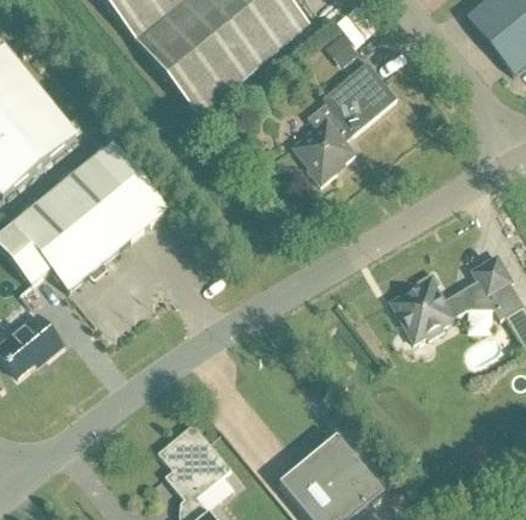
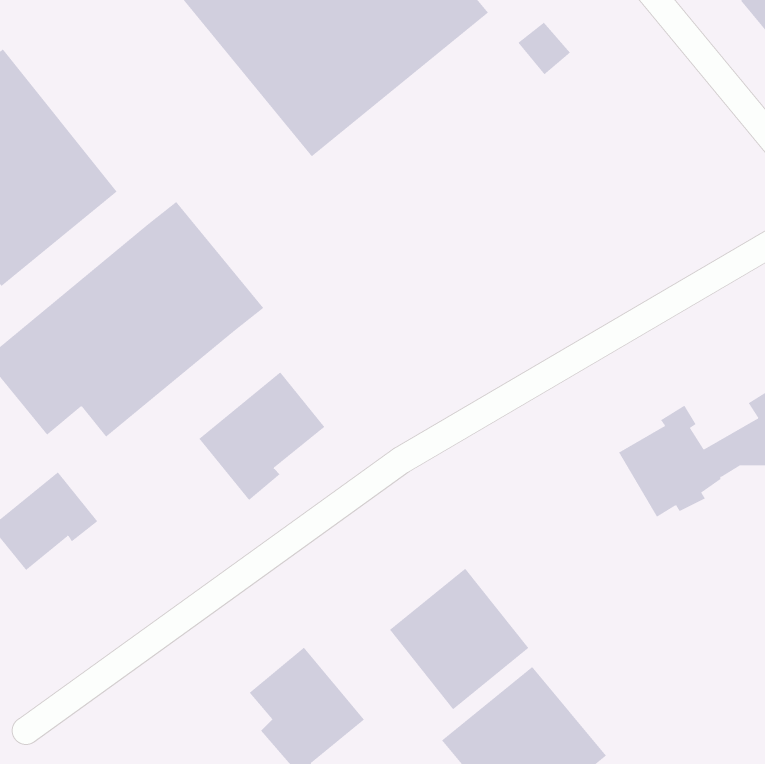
building: [294,59,398,183] -> none
building: none -> [199,371,325,501]
building: none -> [389,568,529,710]

